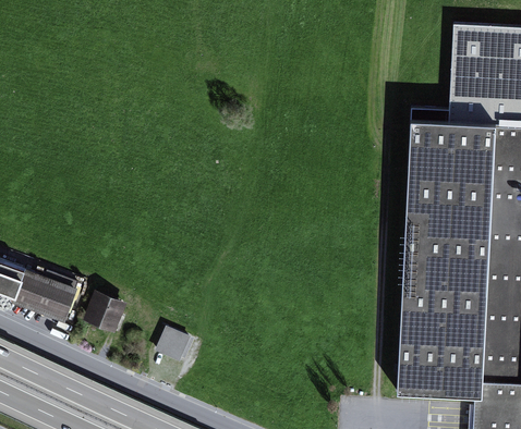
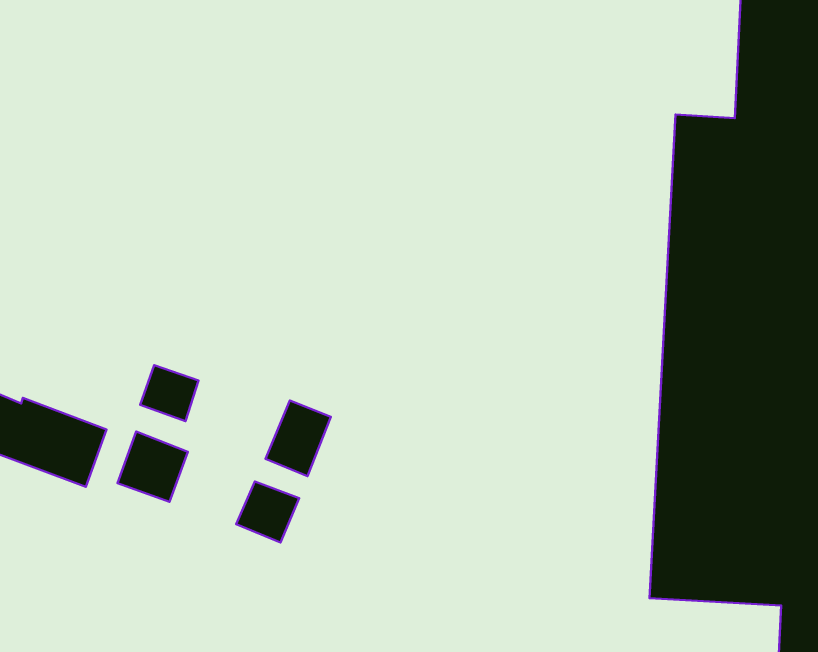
building: none -> [140,365,198,421]
building: none -> [266,400,331,476]

